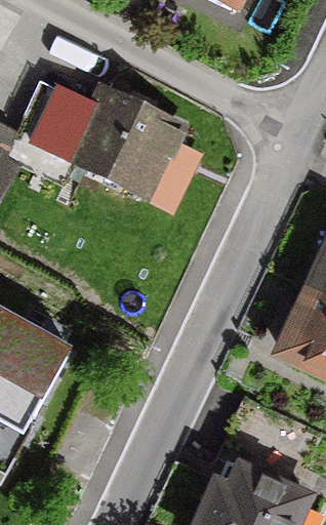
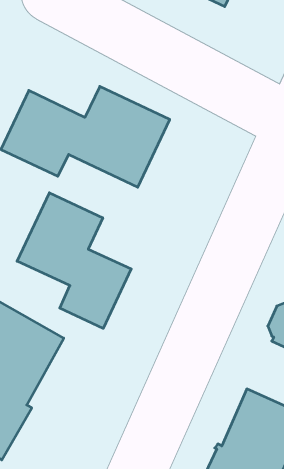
building: none -> [17,193,131,328]

